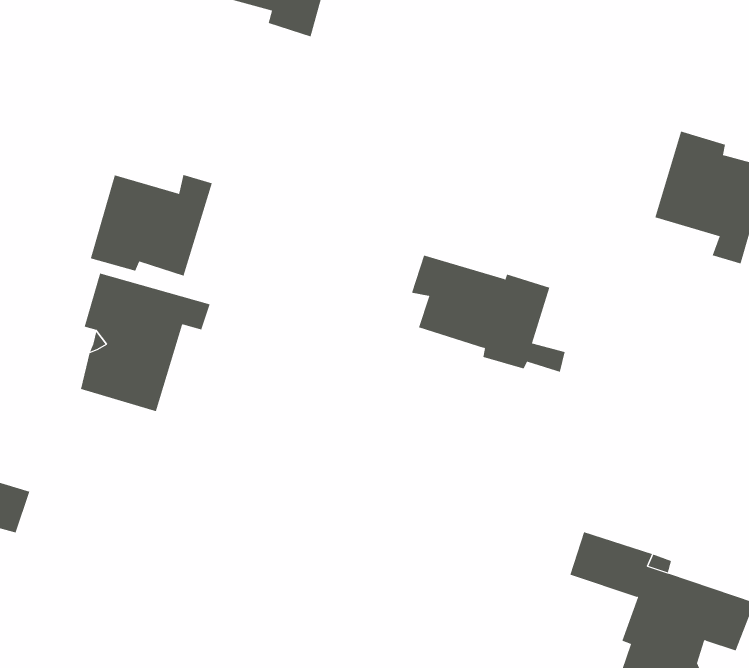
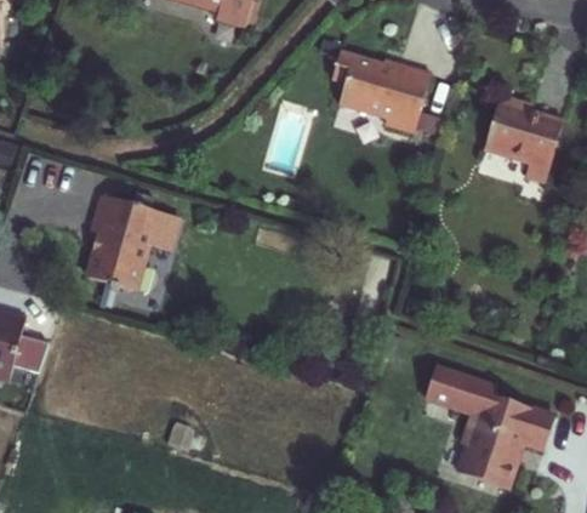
building: [90,174,212,276] -> none
building: [411,255,566,373] -> [336,46,444,129]

